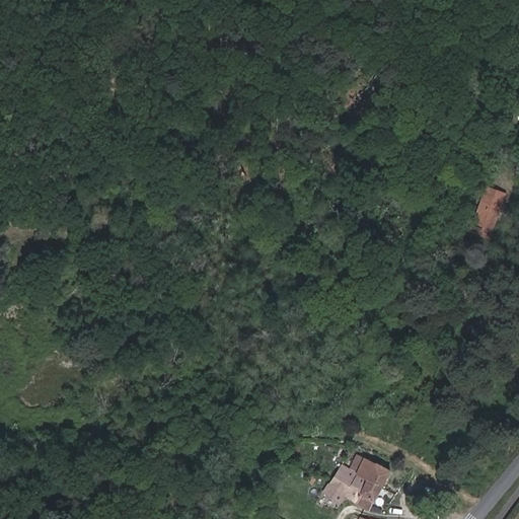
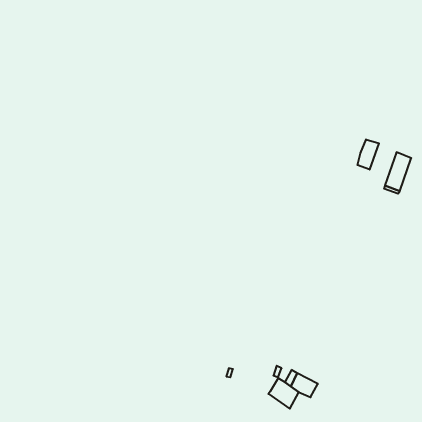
building: none -> [357,139,379,170]
building: [356,481,381,510] -> none

